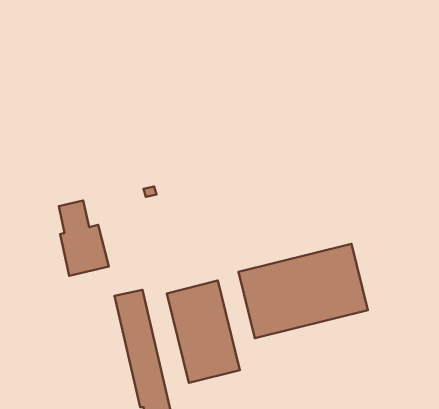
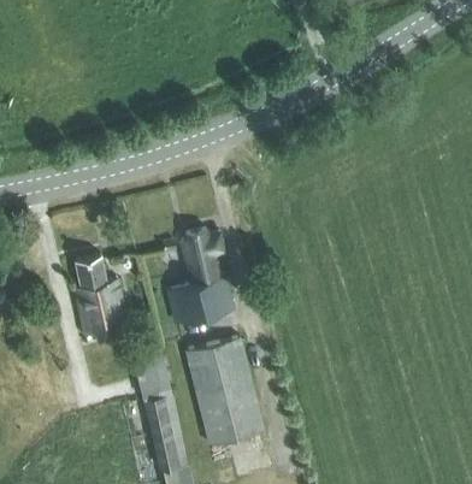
building: none -> [169,232,230,325]
building: [239,244,368,338] -> none

